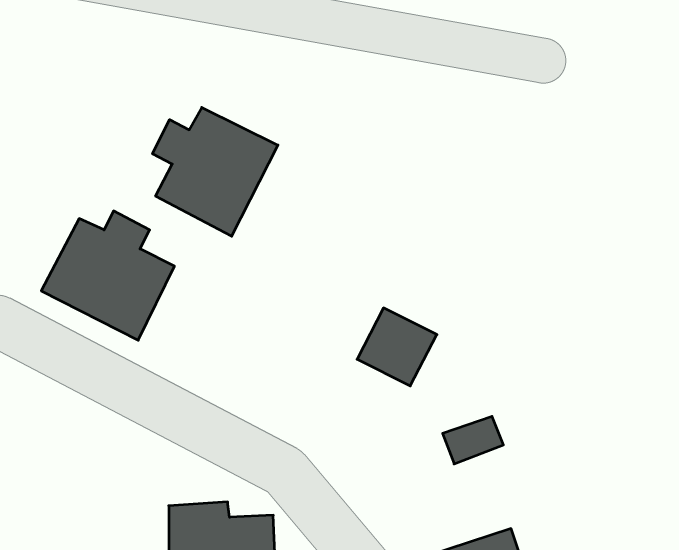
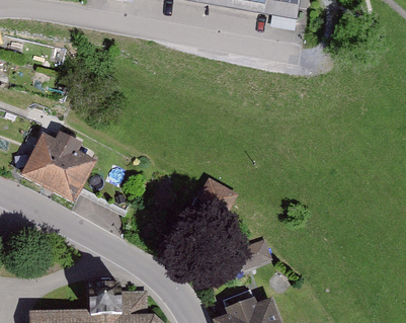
building: [153,107,278,236] -> none

